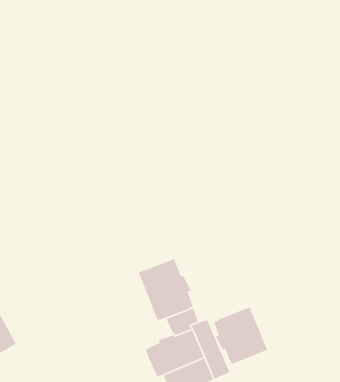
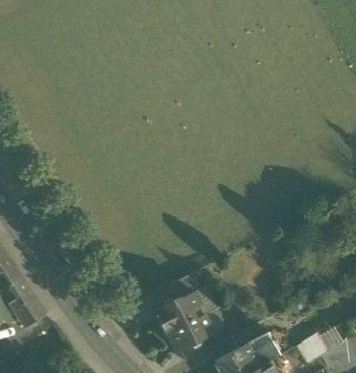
building: [138,258,194,320] -> none
building: [213,307,268,365] -> none

